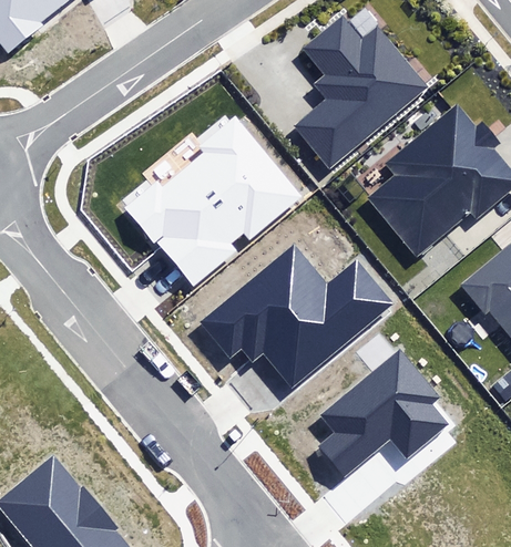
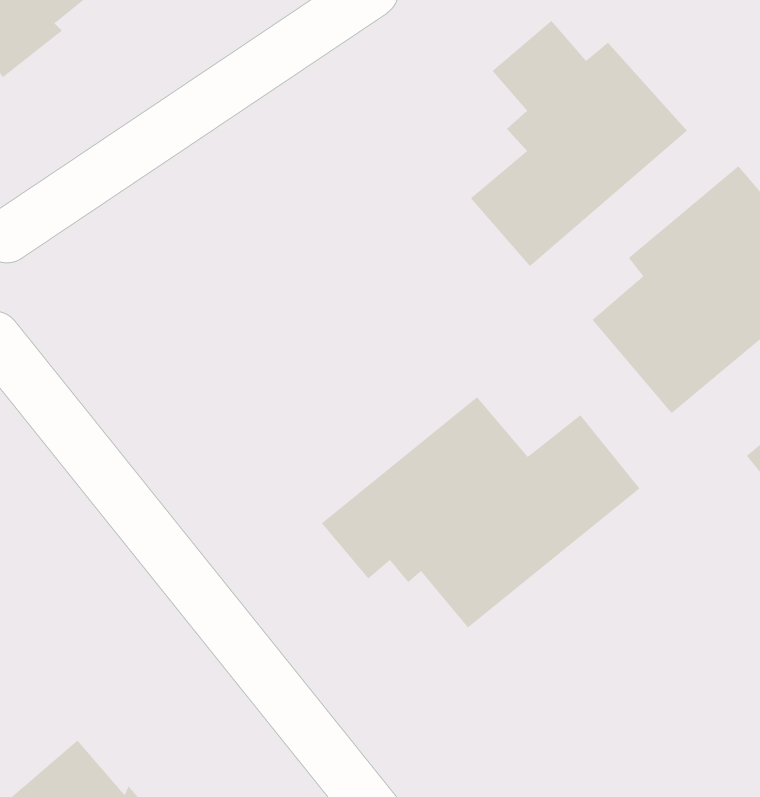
building: [129,114,304,286] -> none
building: [319,350,448,476] -> none

